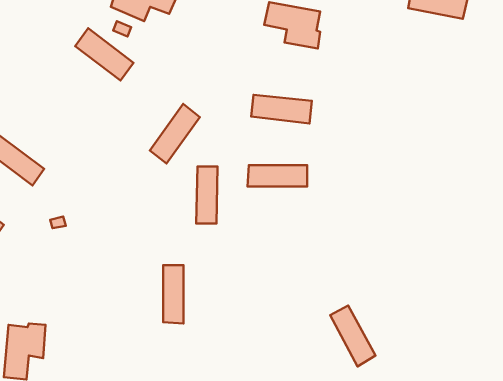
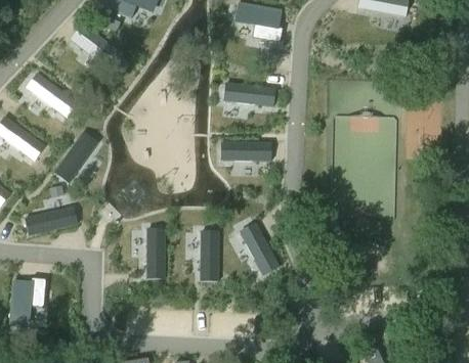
building: none -> [27,73,76,117]
building: [150,104,200,163] -> [53,131,96,182]
building: [196,166,218,224] -> [200,231,218,280]
building: none -> [25,207,77,235]
building: [330,306,375,366] -> [240,223,279,275]

